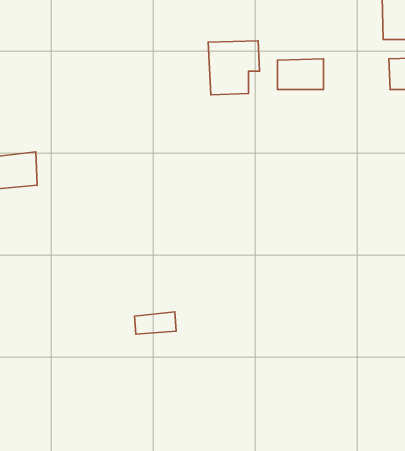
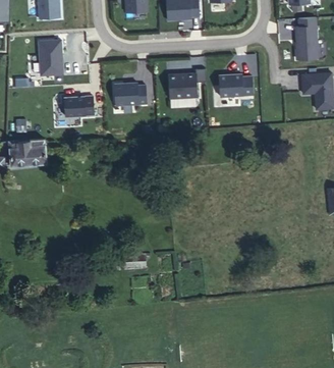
building: none -> [39,38,63,73]
building: none -> [114,81,147,104]
building: none -> [64,94,95,114]

